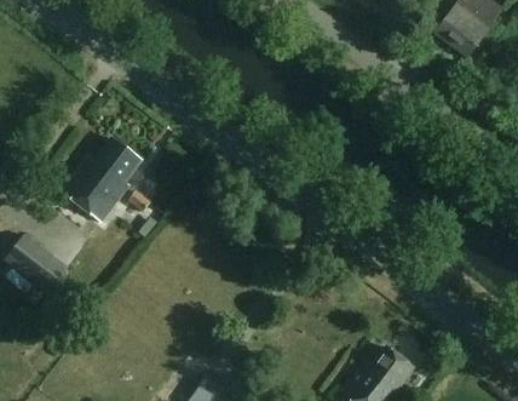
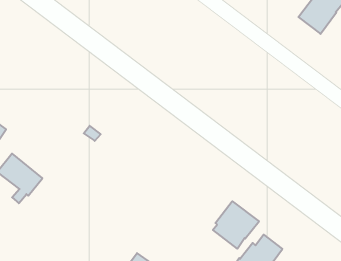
building: [64,138,142,222] -> none
building: none -> [213,201,259,249]

